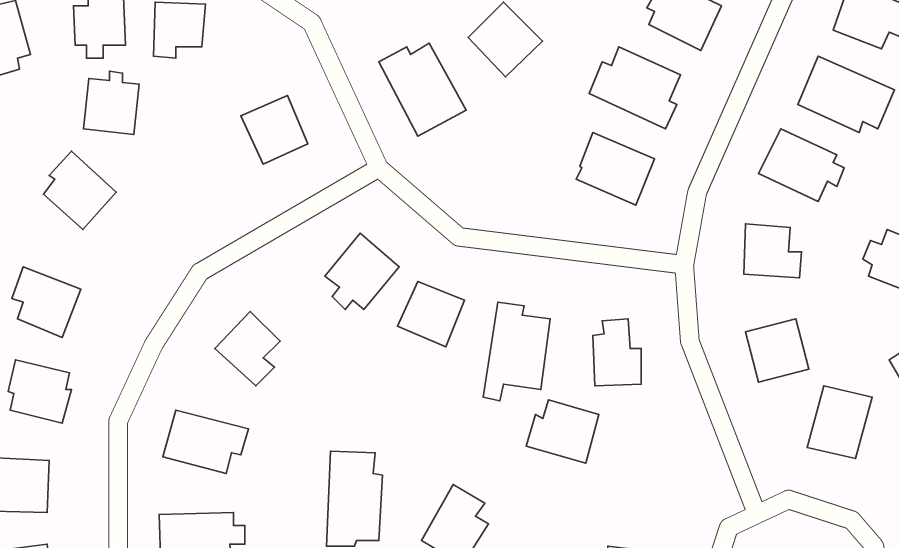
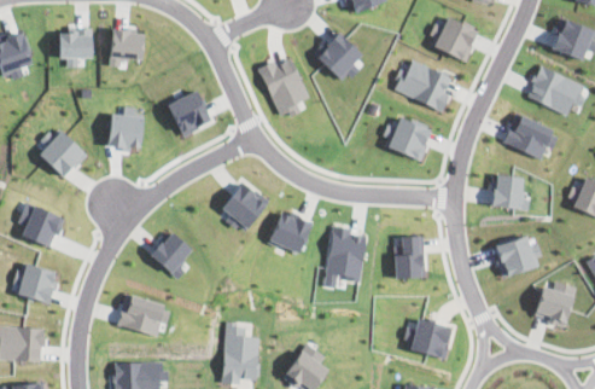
building: [83,71,139,135] -> [109,109,145,150]
building: [526,400,599,463] -> [404,318,451,359]

